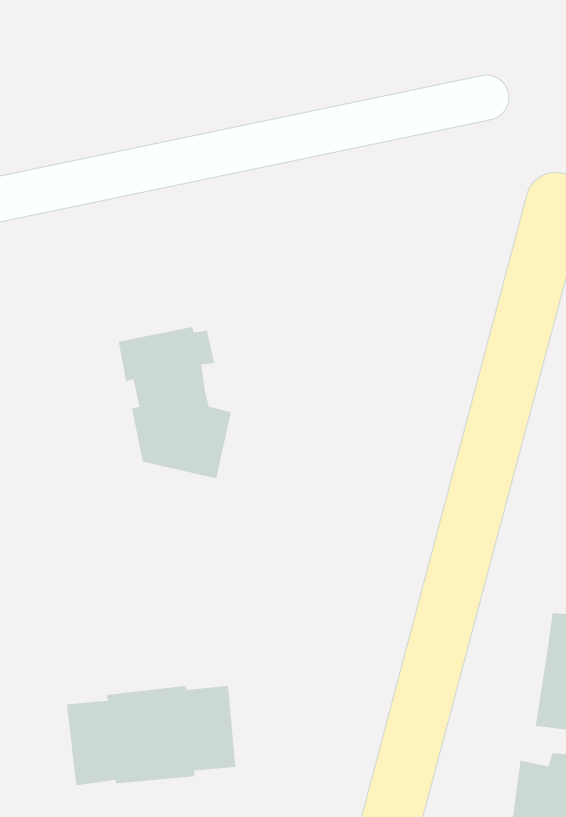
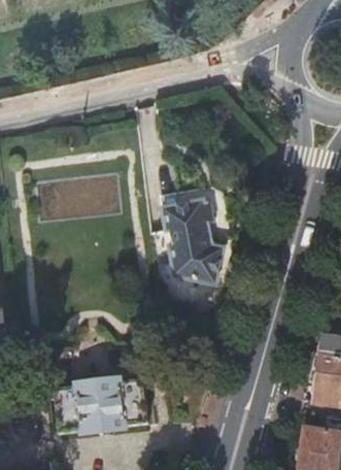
building: [118,326,232,479] -> [158,205,220,290]

